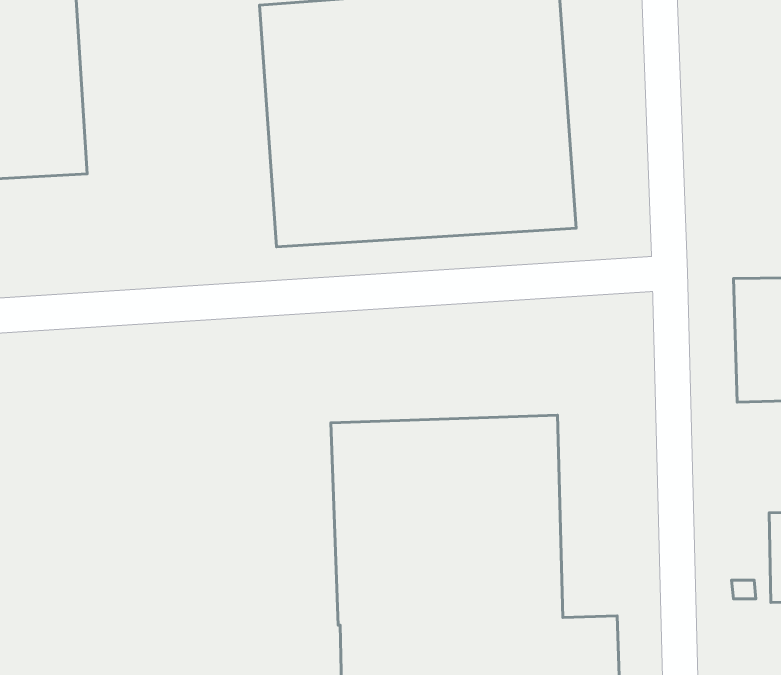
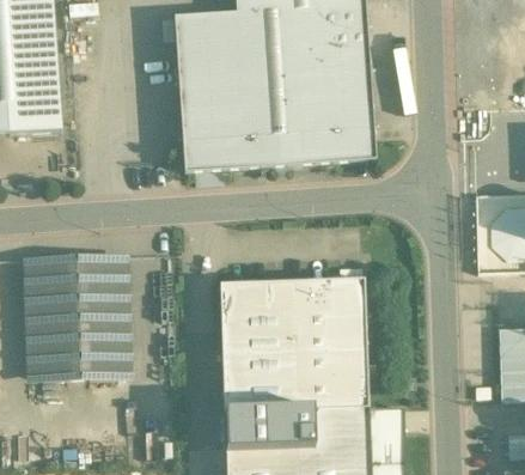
building: none -> [23,256,134,379]

